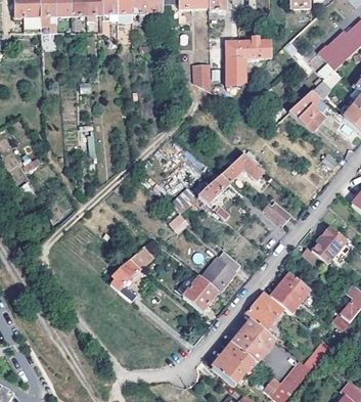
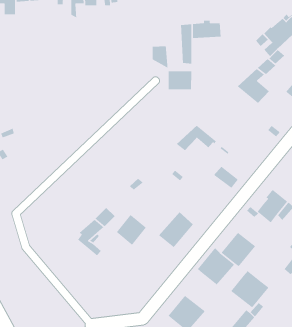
building: none -> [168,71,192,90]
building: [196,175,230,206] -> none
building: [183,276,218,312] -> [116,214,147,246]
building: [230,320,274,363] -> [230,270,269,308]

